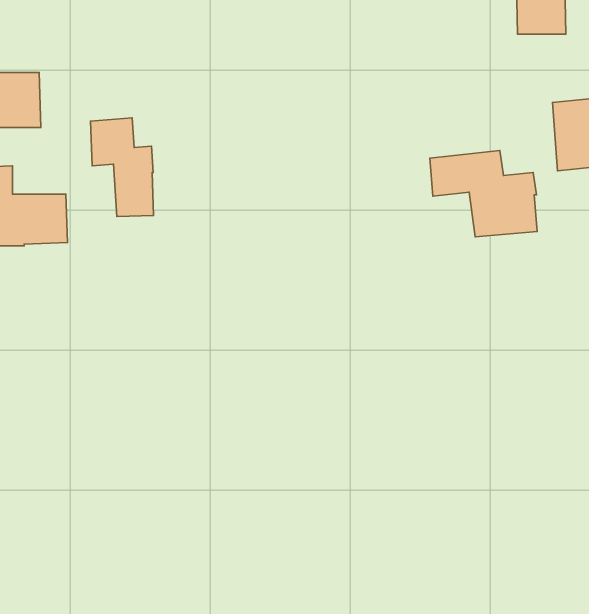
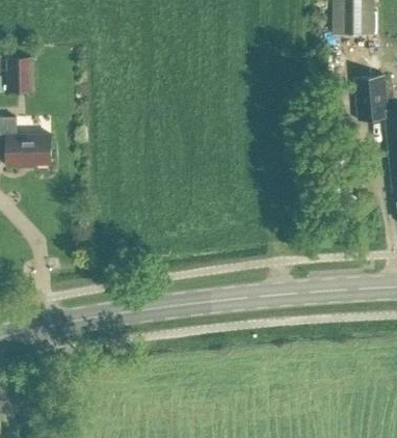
building: [91,118,153,217] -> none
building: [430,151,537,237] -> none

